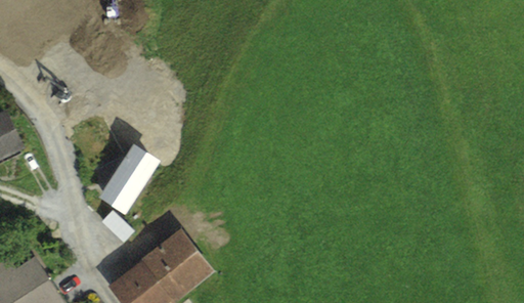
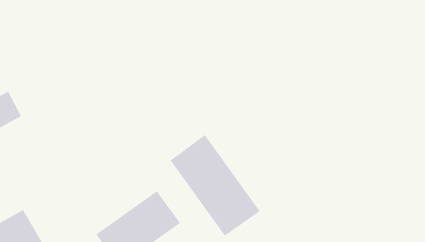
building: [95,145,150,210] -> none
building: none -> [170,134,261,236]

